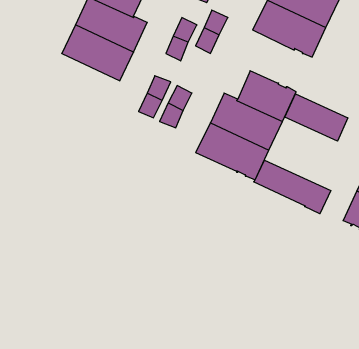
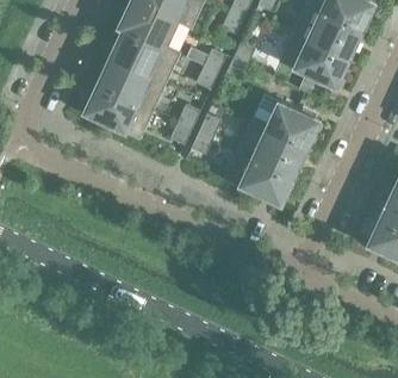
building: none -> [82,83,151,138]
building: [285,94,348,141] -> none
building: [254,160,331,214] -> none

